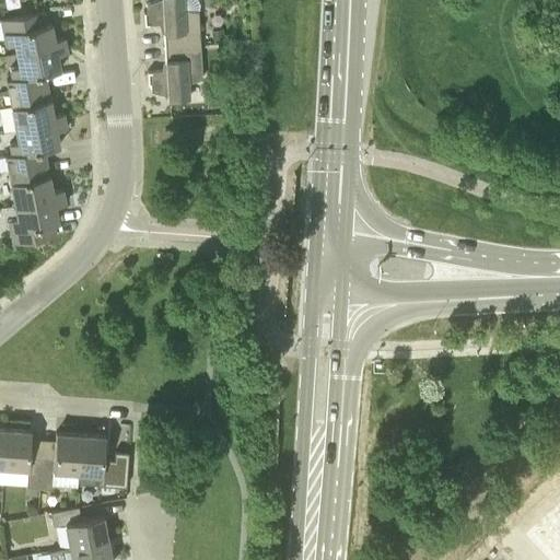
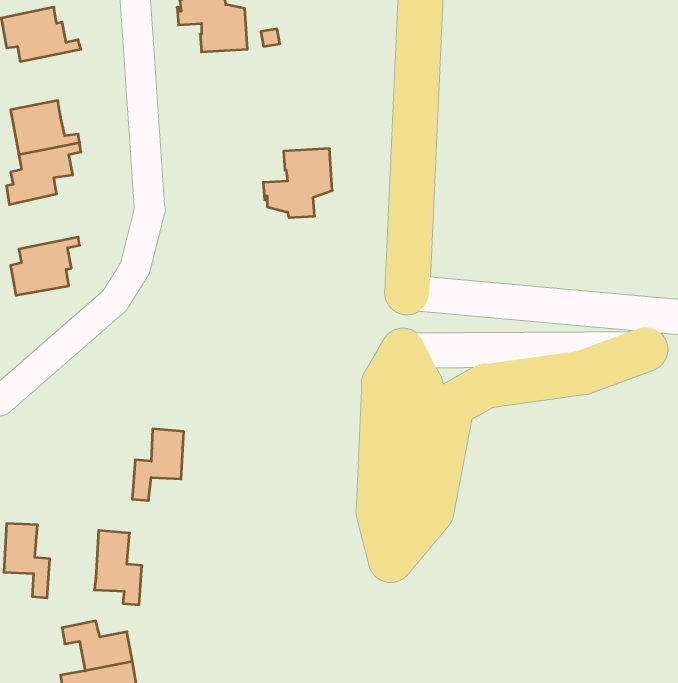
building: [8,46,69,95] -> none
building: [149,46,205,102] -> [263,149,332,218]
building: [10,163,66,208] -> none
building: [40,433,82,491] -> [132,429,184,500]

